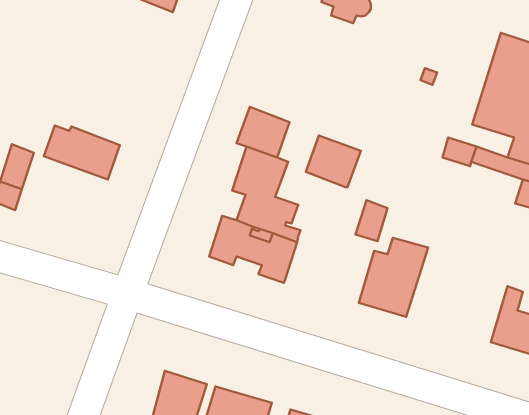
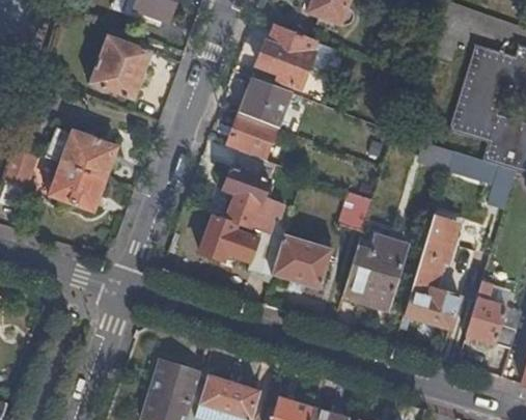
building: none -> [257,26,314,88]
building: none -> [89,35,151,102]
building: [306,135,361,187] -> [240,77,292,125]
building: none -> [49,163,106,212]
building: none -> [406,217,460,328]
building: none -> [273,233,333,288]

